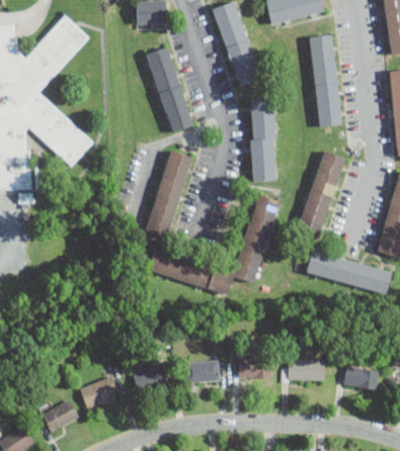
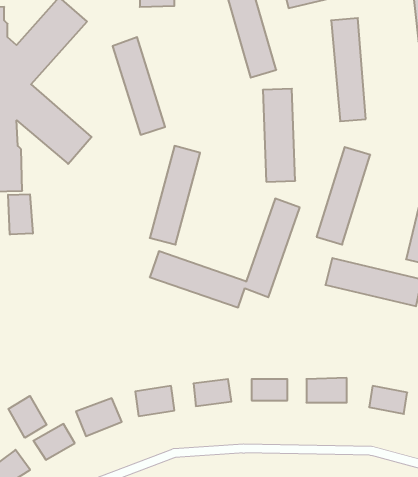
building: [146,46,193,133] -> [113,37,165,135]
building: none -> [8,194,33,235]
building: none -> [8,396,47,438]

